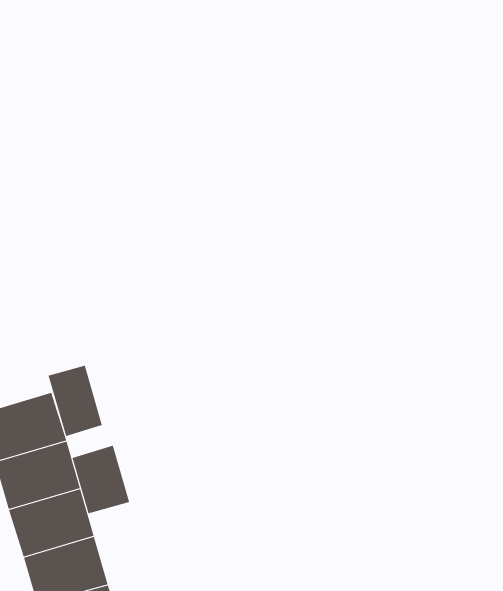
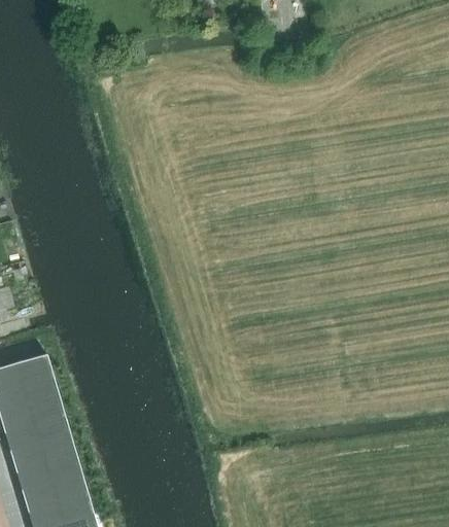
building: [48,365,103,437] -> none
building: [72,445,130,514] -> none

